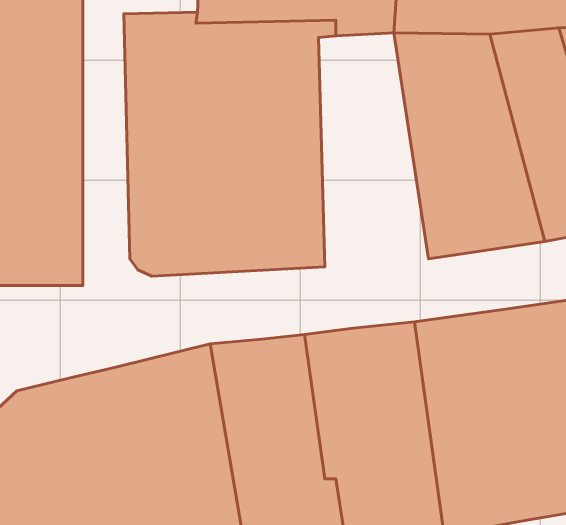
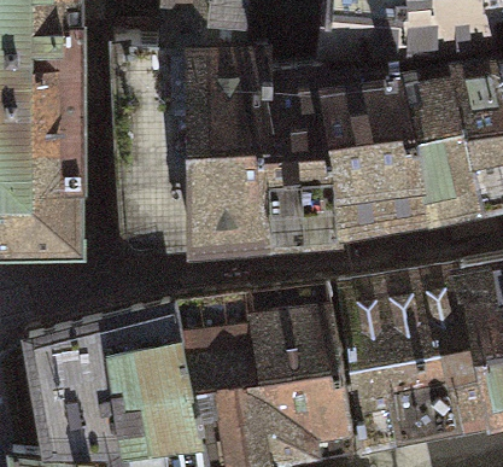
building: none -> [263,63,347,243]

